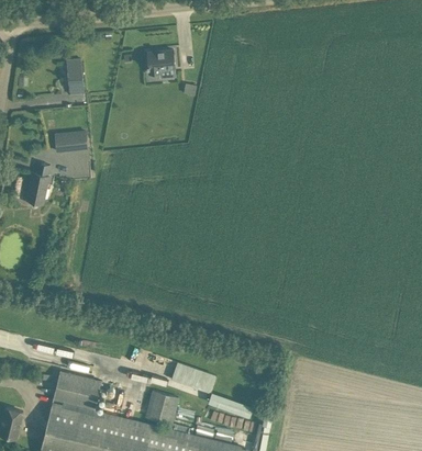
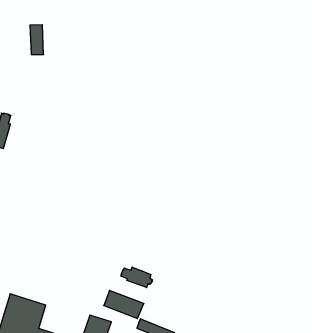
building: [147,49,175,74] -> none
building: [55,132,87,151] -> none
building: none -> [121,267,152,288]

